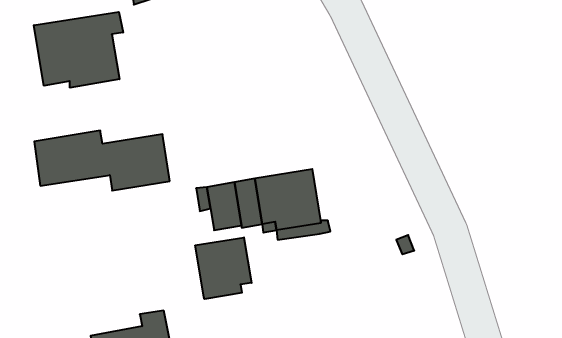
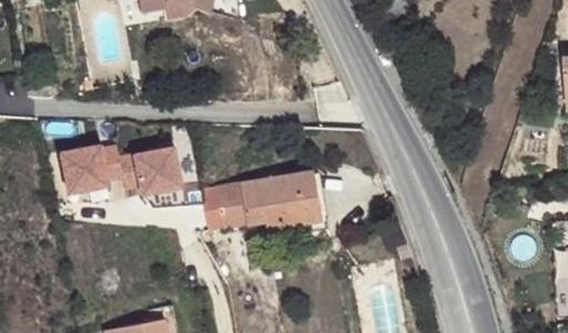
building: [34,12,123,88] -> none
building: [195,237,252,299] -> none

